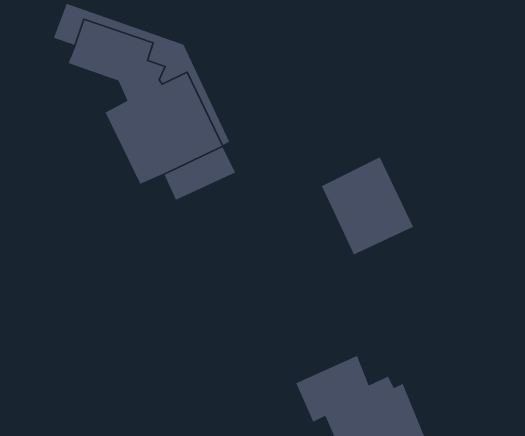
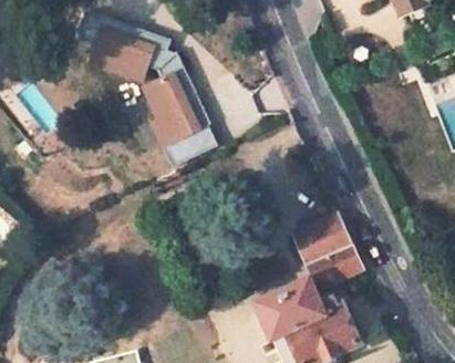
building: [321,156,414,255] -> [291,211,361,286]

